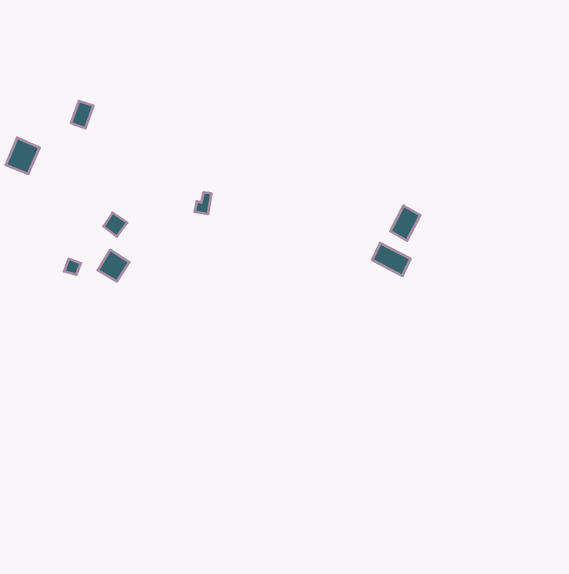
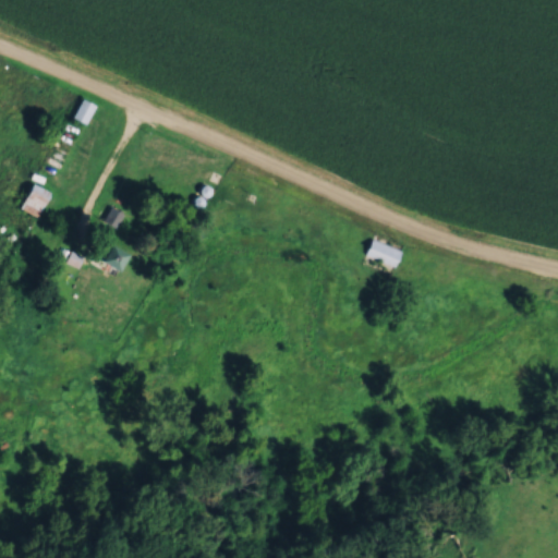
building: [6,138,40,174] -> [21,183,53,218]
building: [390,206,420,241] -> none

